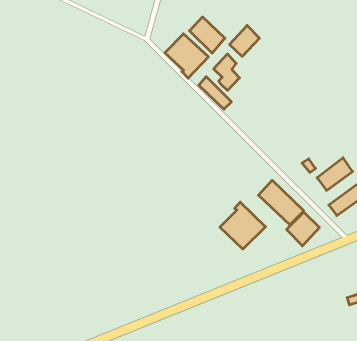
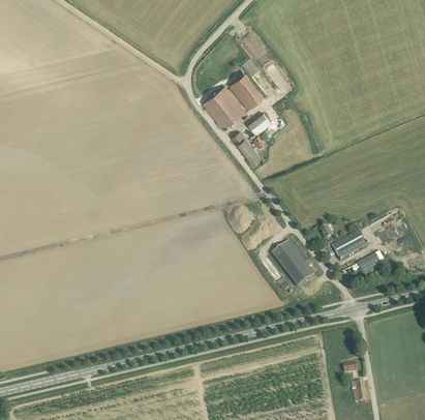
building: [230,25,259,56] -> none
building: [220,202,266,249] -> none
building: [287,212,319,246] -> none

